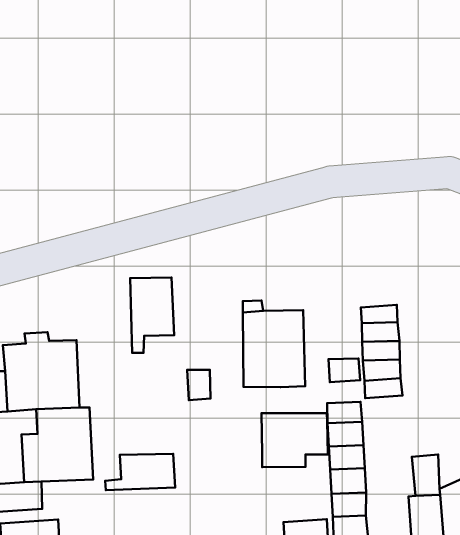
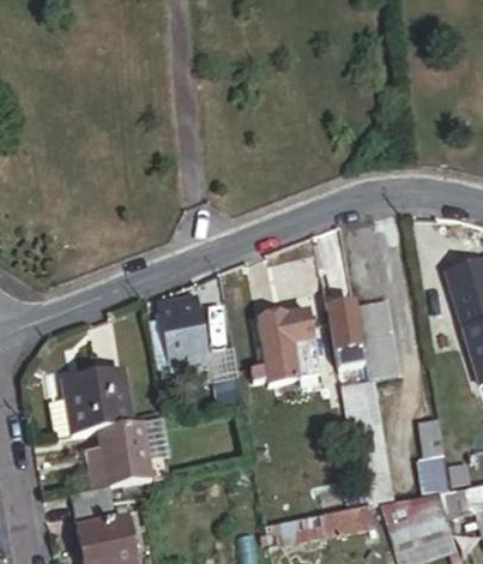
building: none -> [327,306,361,354]
building: [261,413,328,467] -> none
building: [105,454,175,490] -> none

